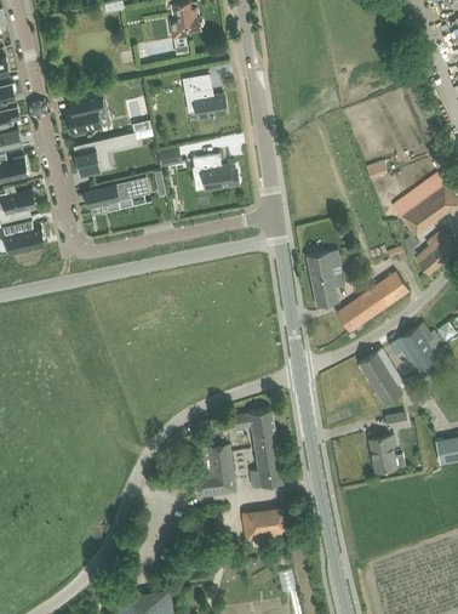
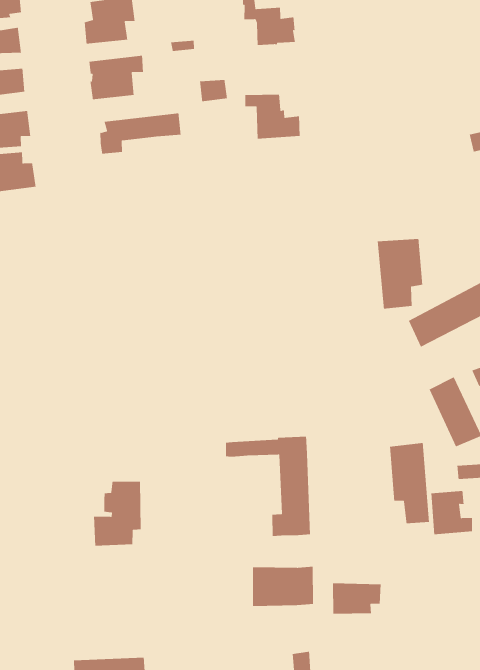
building: none -> [389,442,430,524]
building: [196,444,234,498] -> [93,481,142,547]
building: none -> [332,583,381,614]

